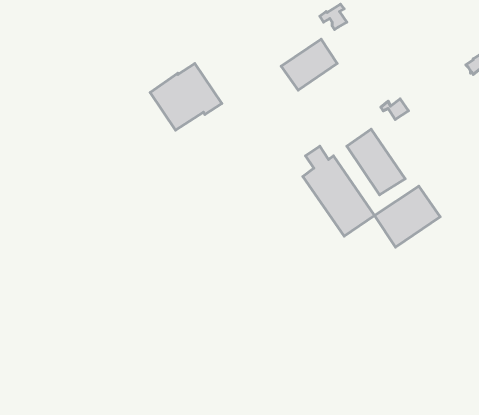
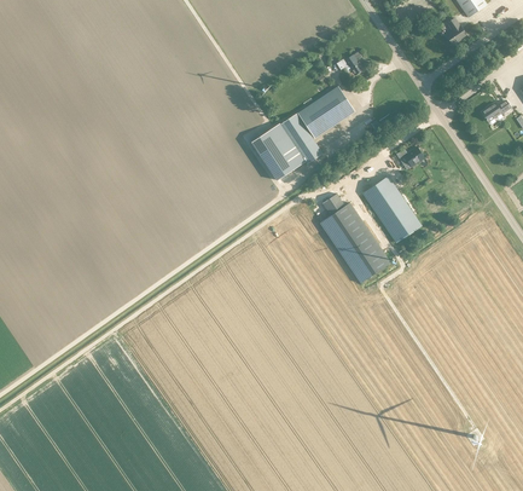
building: [150,63,222,130] -> [252,112,324,179]
building: [375,186,440,247] -> none

